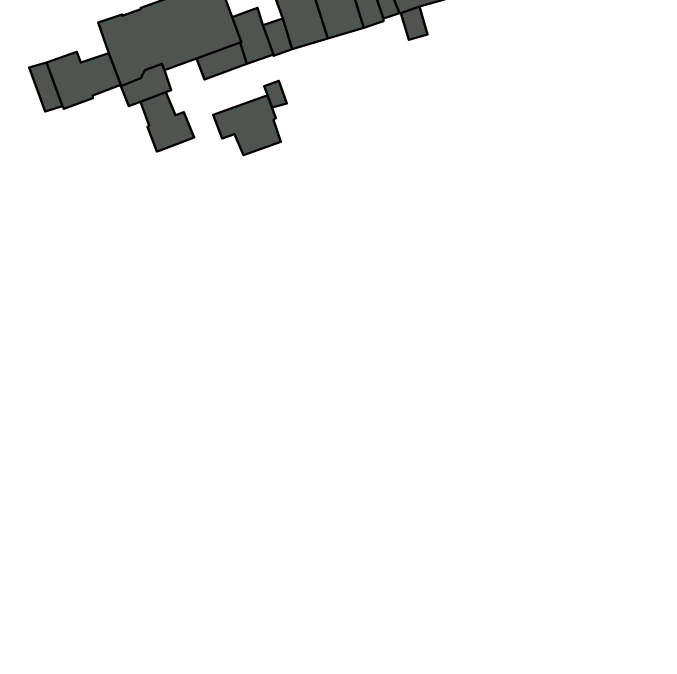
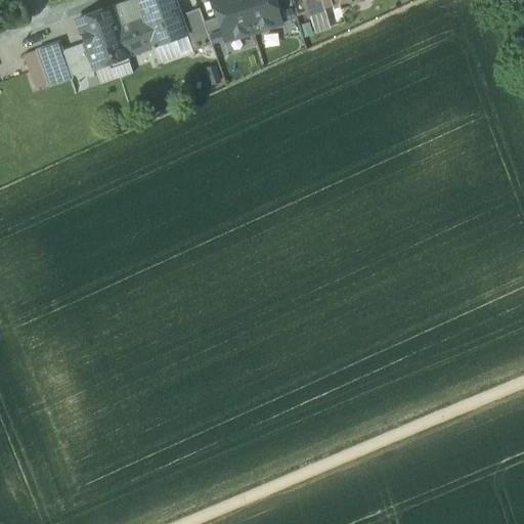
building: [140,92,194,151] -> none
building: [213,95,281,155] -> none

